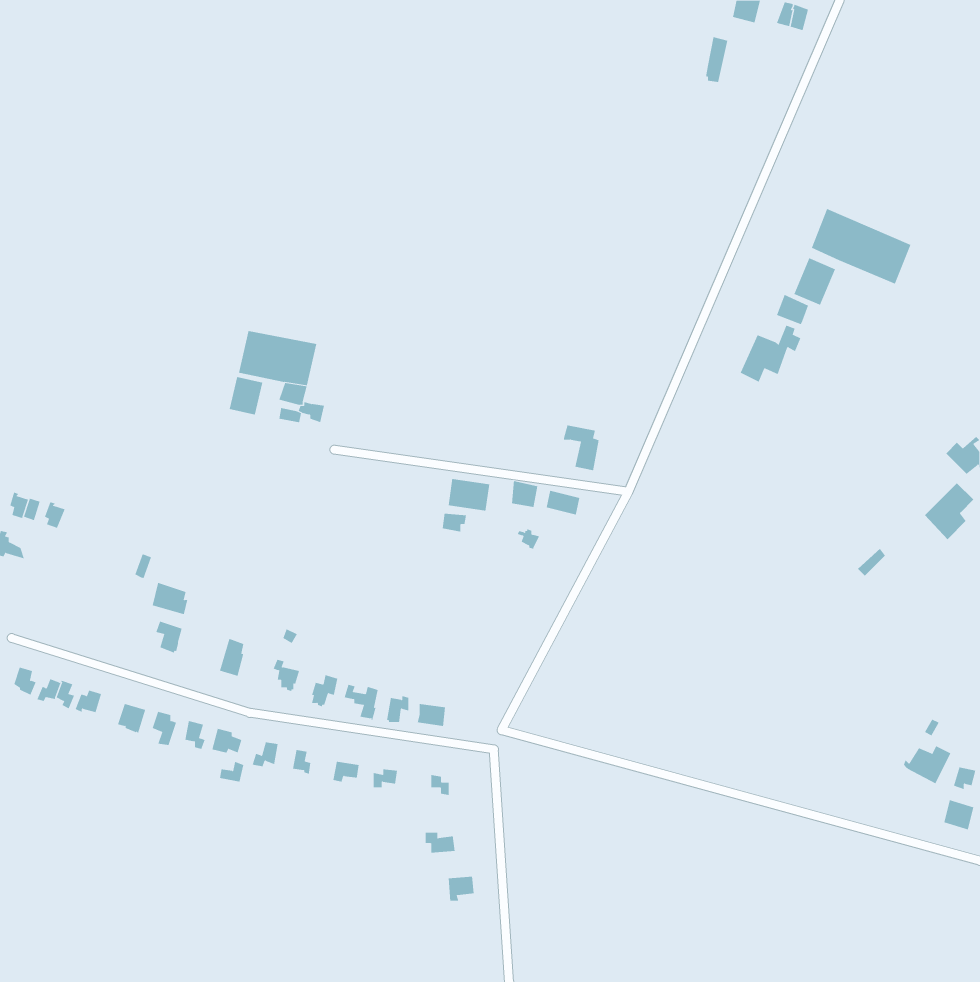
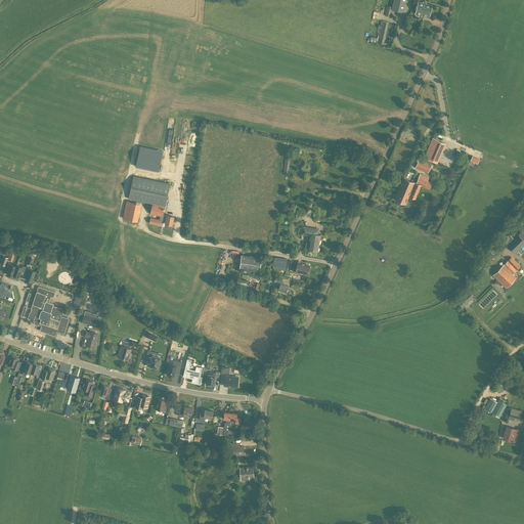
building: [811,208,911,285] -> none
building: none -> [135,146,162,171]
building: none -> [27,287,69,336]

